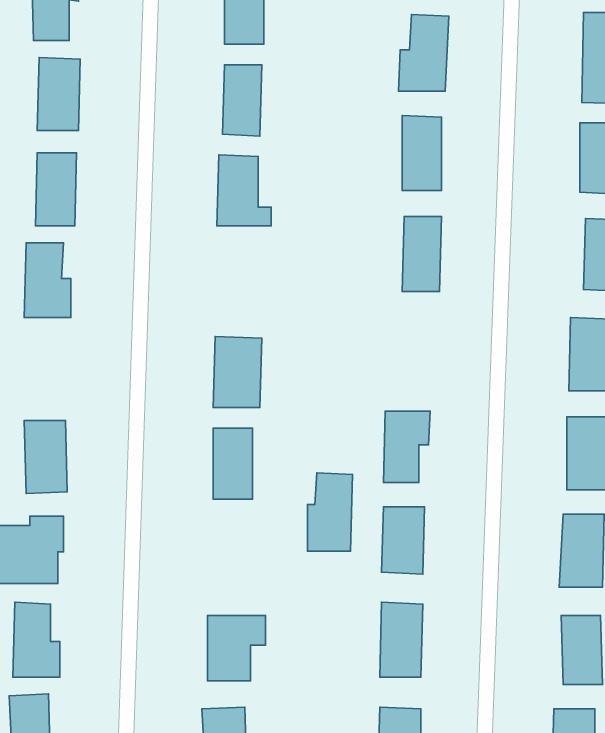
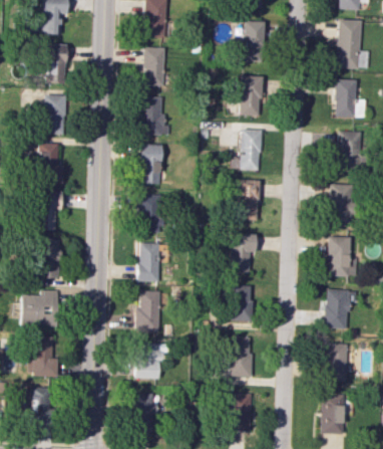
building: none -> [141,144,162,184]
building: none -> [237,180,259,220]
building: none -> [36,191,62,230]
building: [307,473,352,551] -> [136,290,160,332]

